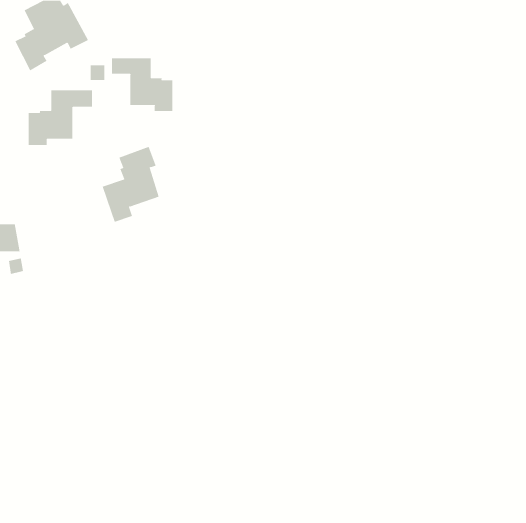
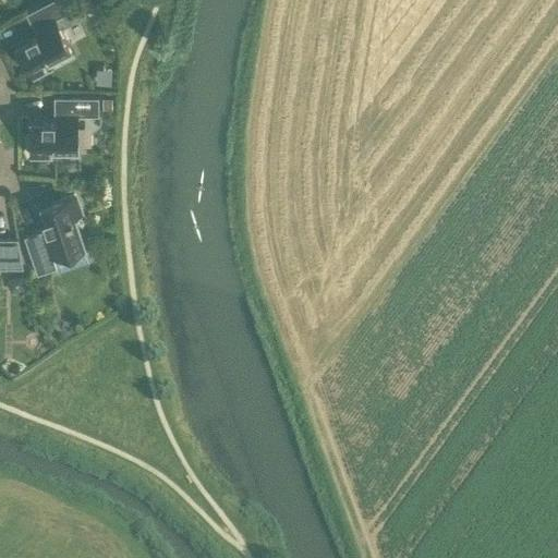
building: [111,57,173,112] -> none
building: [102,146,160,222] -> [23,196,84,277]

